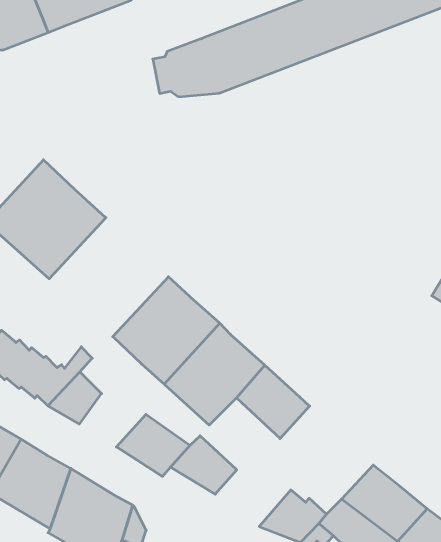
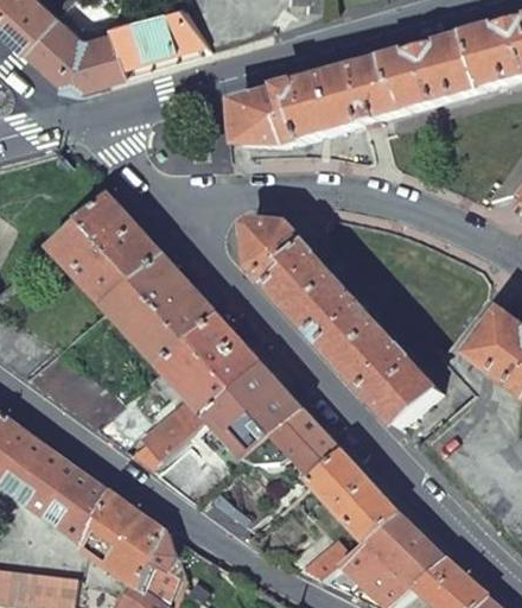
building: none -> [243,220,433,424]
building: none -> [102,252,216,366]
building: none -> [123,394,203,467]
building: none -> [306,449,395,540]

